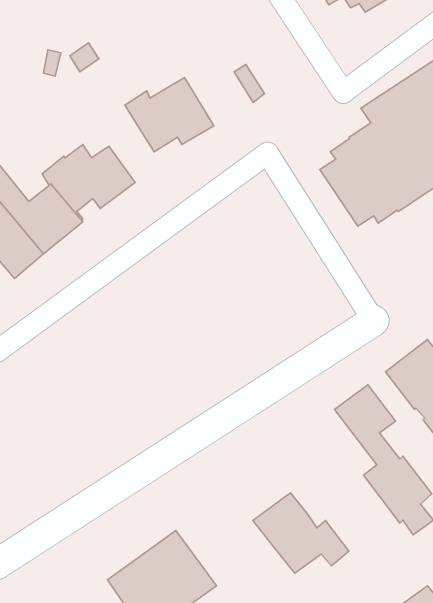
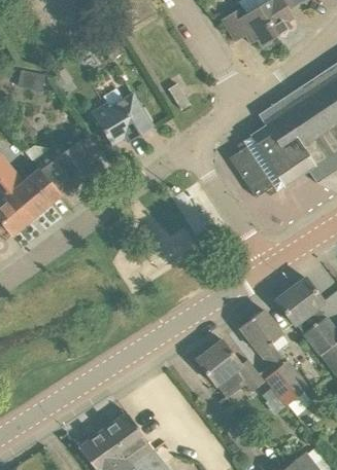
building: [253,493,349,573] -> [196,340,264,397]

